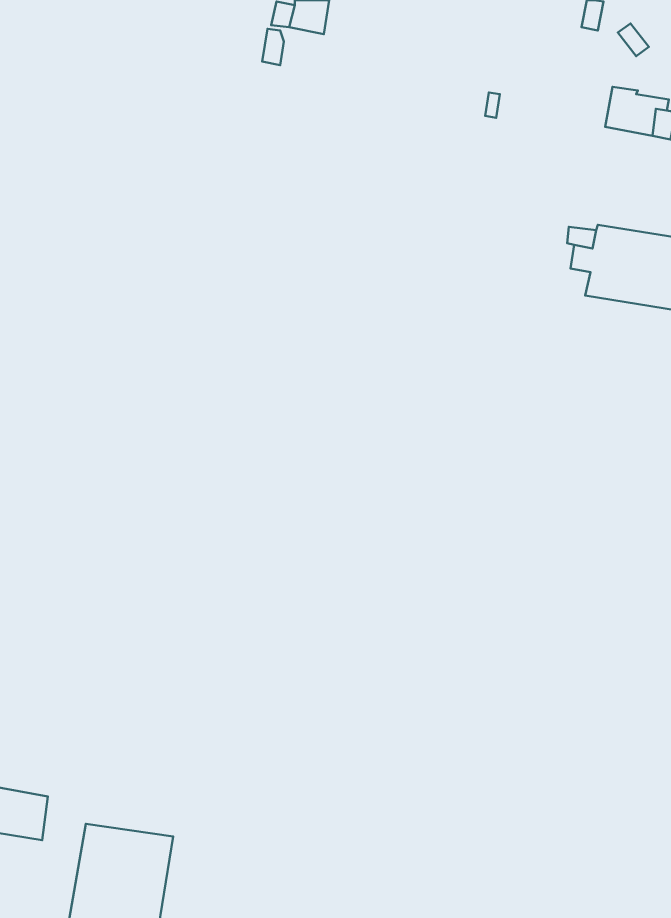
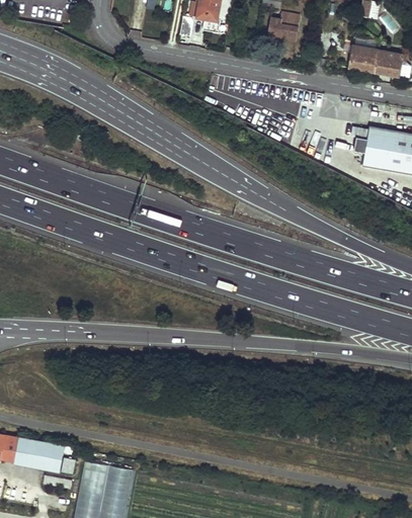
building: none -> [269,12,301,39]
building: none -> [348,45,378,72]

